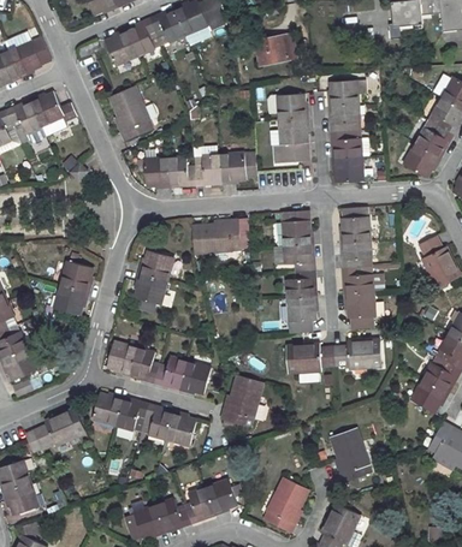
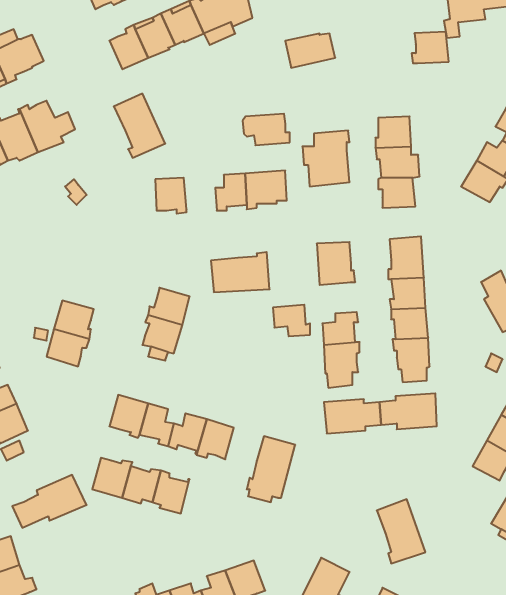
building: [327,81,359,107] -> [412,32,449,63]
building: [267,94,307,120] -> [243,114,290,145]
building: [168,156,196,185] -> none
building: [283,245,314,272] -> [273,305,310,336]
building: [166,411,196,447] -> none

